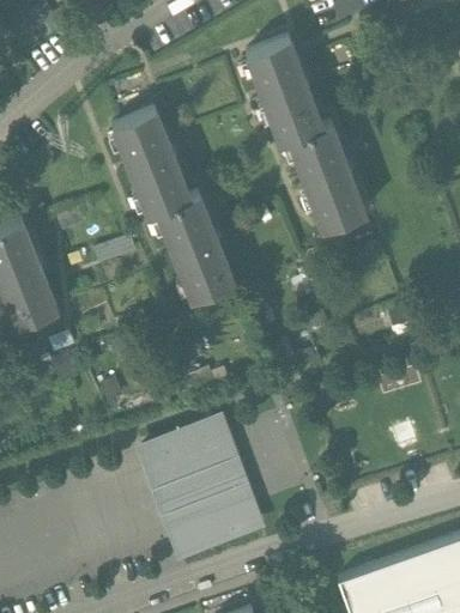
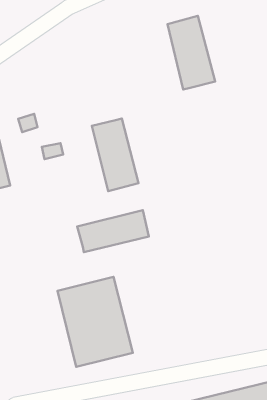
building: [113,111,190,216] -> none
building: [289,126,364,229] -> none
building: none -> [77,210,149,252]

